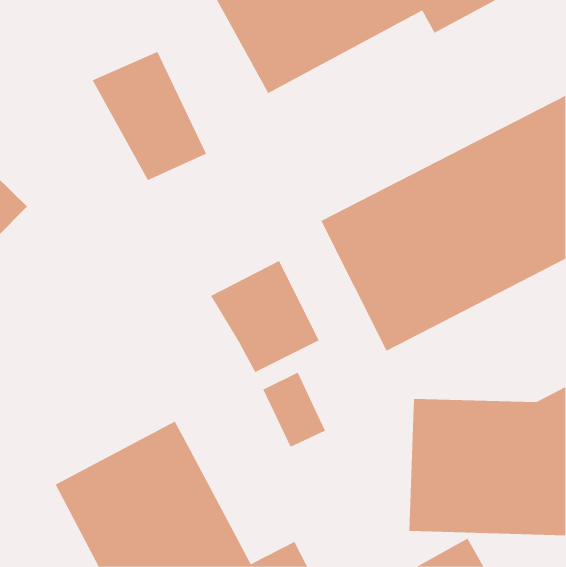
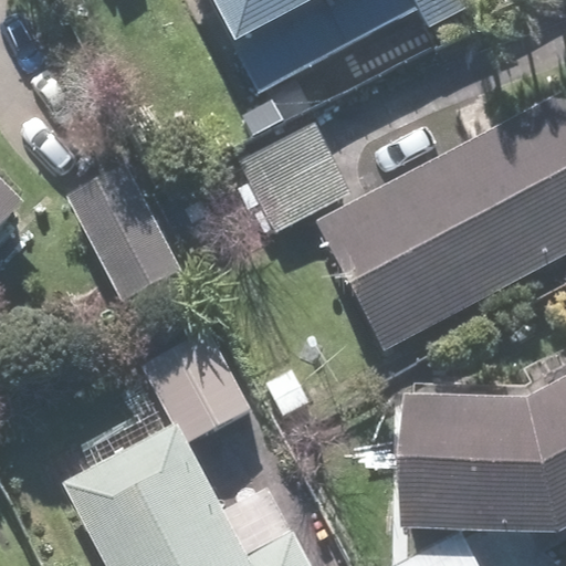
building: [92,51,207,181] -> [67,169,181,297]
building: none -> [240,120,352,228]
building: [210,260,320,373] -> [145,334,253,446]

